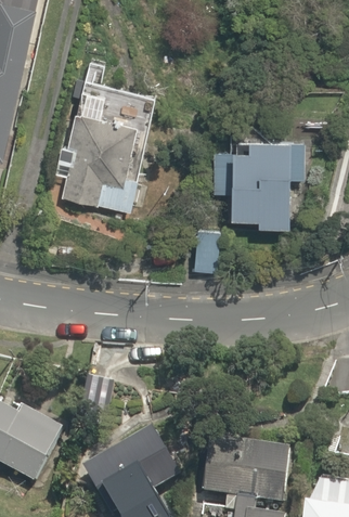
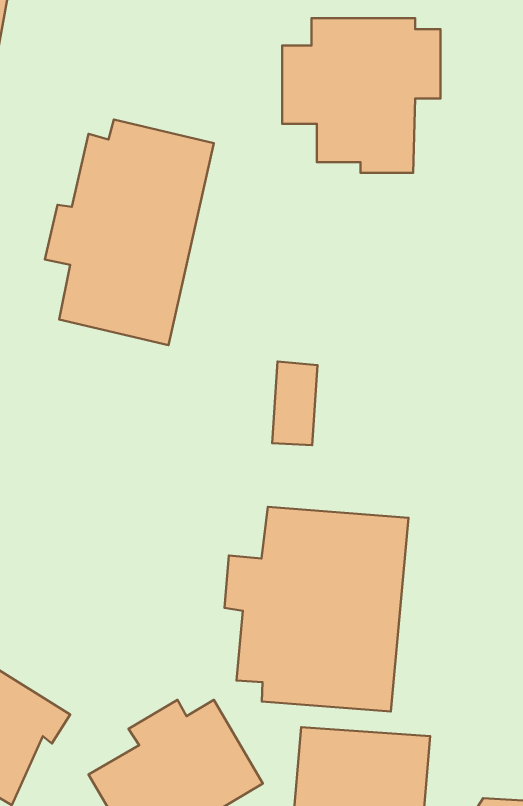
building: [211,132,306,224] -> [282,18,440,173]
building: none -> [225,507,408,712]

